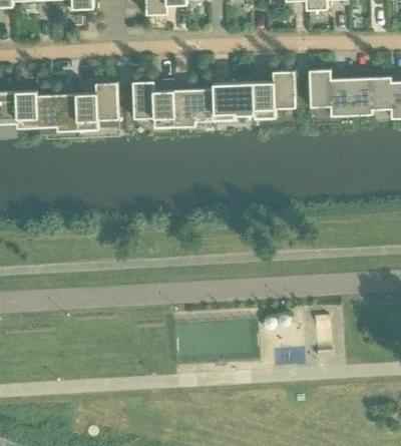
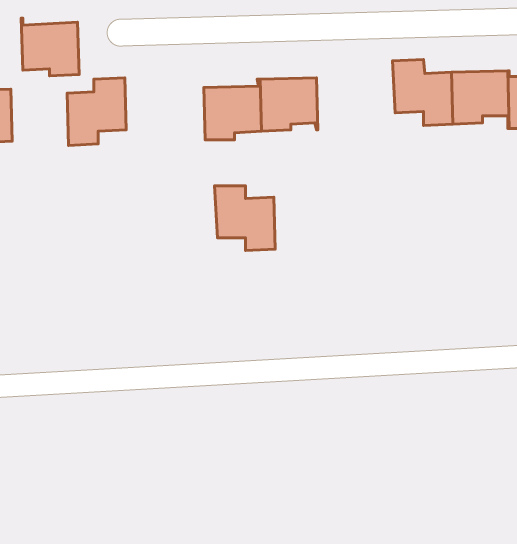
building: [255,71,296,119] -> none
building: [132,81,175,127] -> [215,186,275,251]
building: [37,90,78,131] -> [21,18,79,76]

